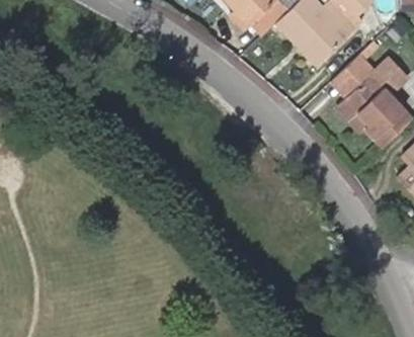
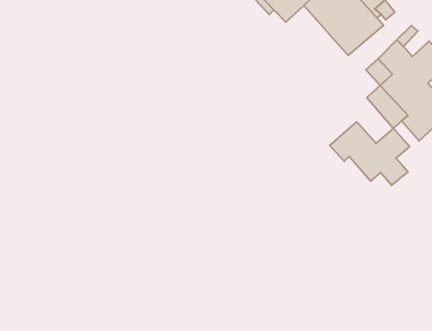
building: none -> [330,122,410,185]

